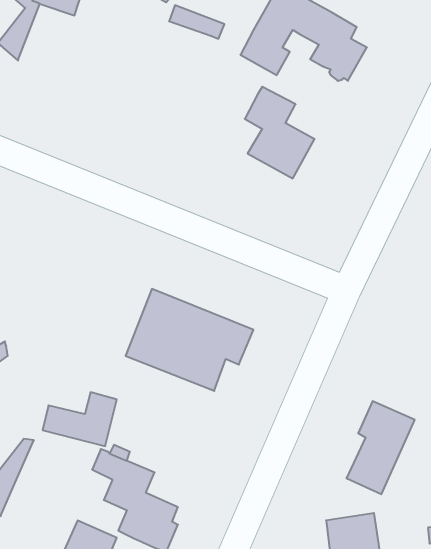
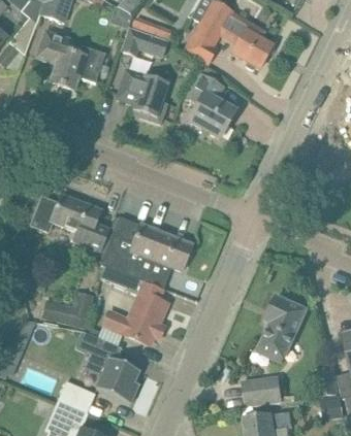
building: none -> [122,26,169,58]
building: none -> [37,30,105,89]
building: none -> [117,69,168,123]
building: none -> [32,193,111,251]
building: none -> [100,263,167,343]

